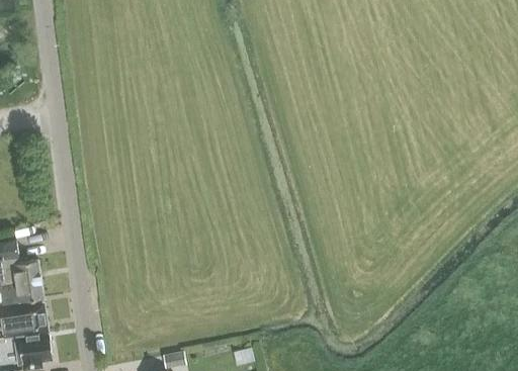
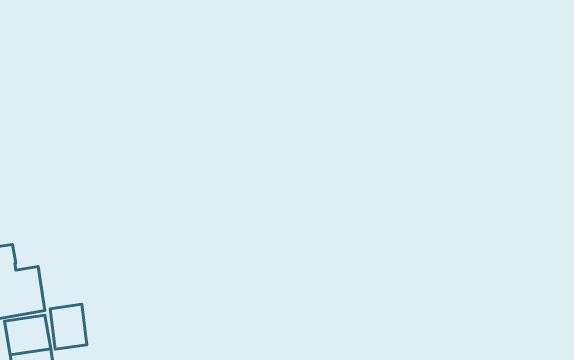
building: none -> [50,304,87,349]

